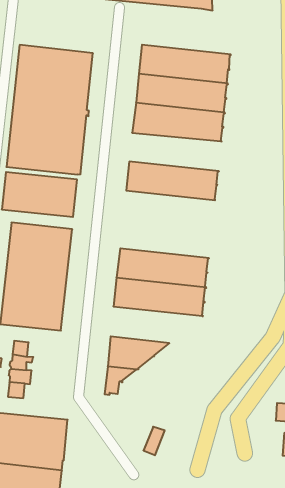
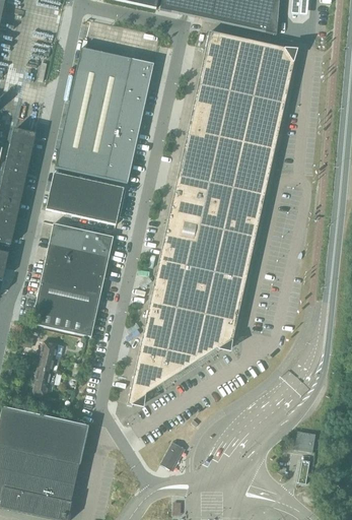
building: none -> [202,30,292,79]
building: none -> [177,146,271,194]
building: none -> [158,203,258,279]
building: none -> [139,317,233,360]

